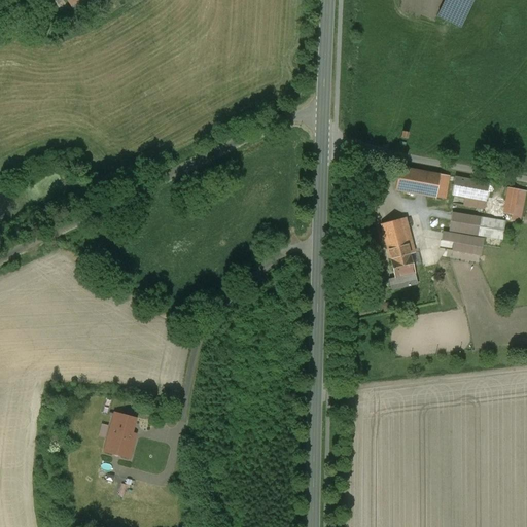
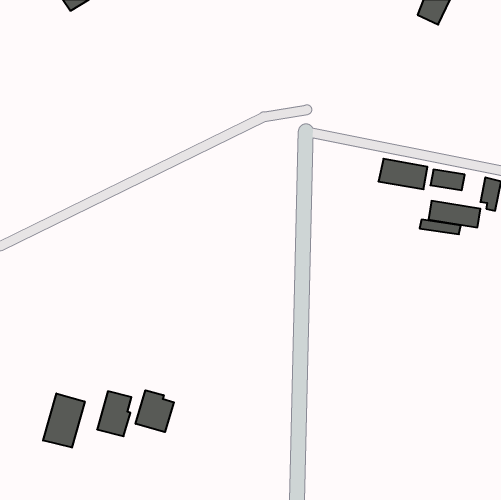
building: [379,217,418,290] -> none
building: none -> [136,390,174,432]
building: none -> [43,393,85,448]

